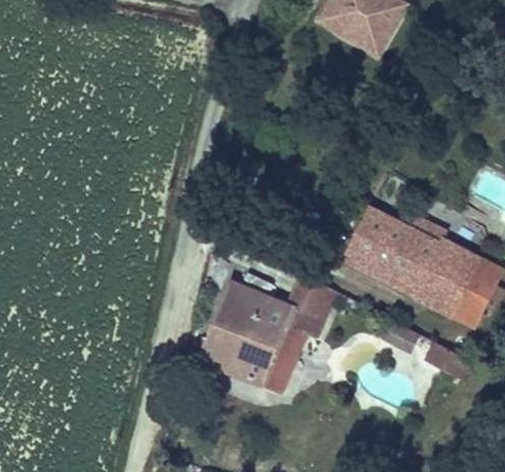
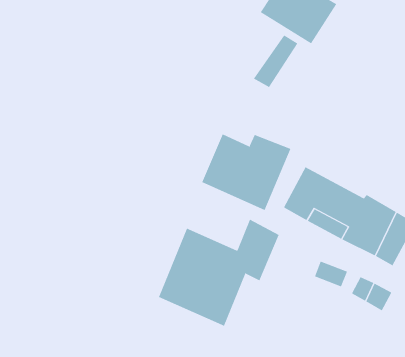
building: none -> [253,34,298,88]
building: none -> [202,133,291,211]

